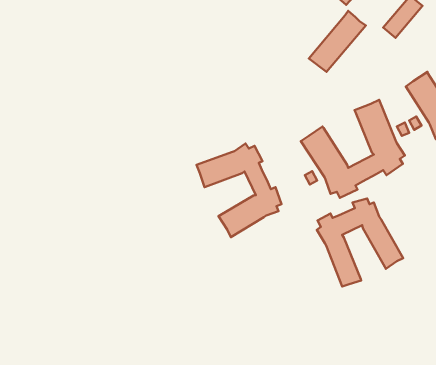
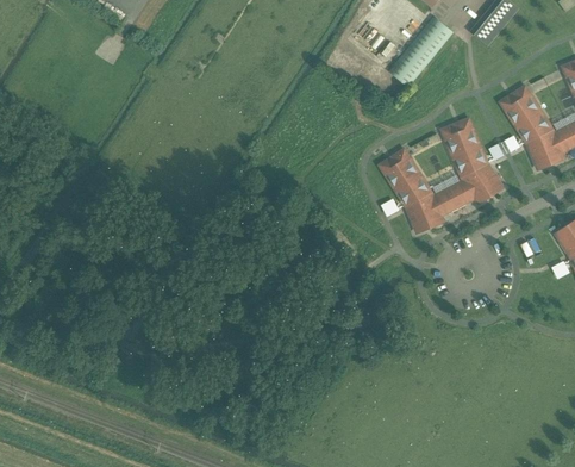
building: [197,144,281,237] -> none
building: [317,198,403,286] -> none

